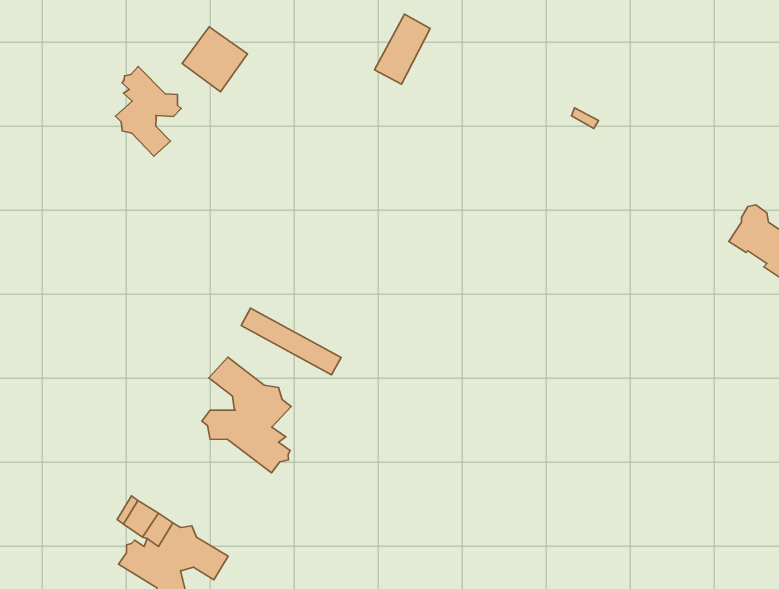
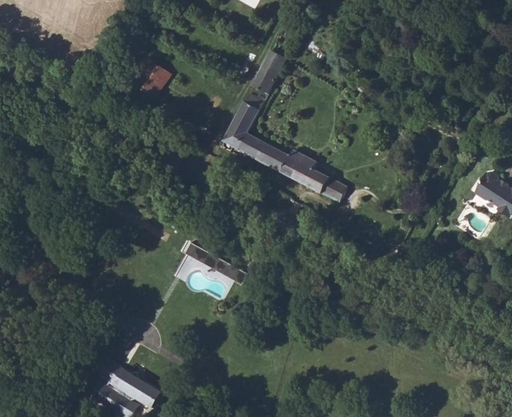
building: [116,67,181,156] -> none
building: none -> [223,94,347,203]
building: [202,357,291,473] -> none

